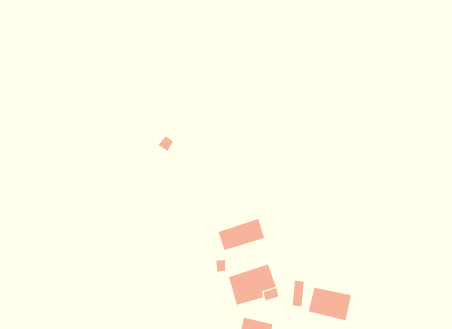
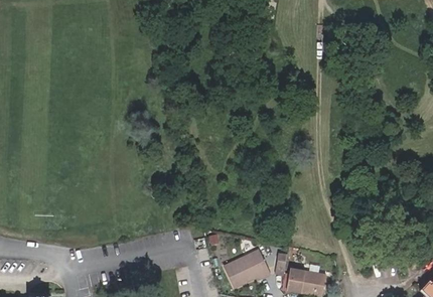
building: [218,218,265,251] -> none

